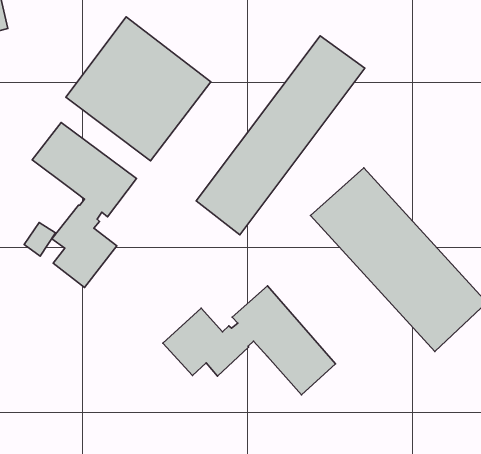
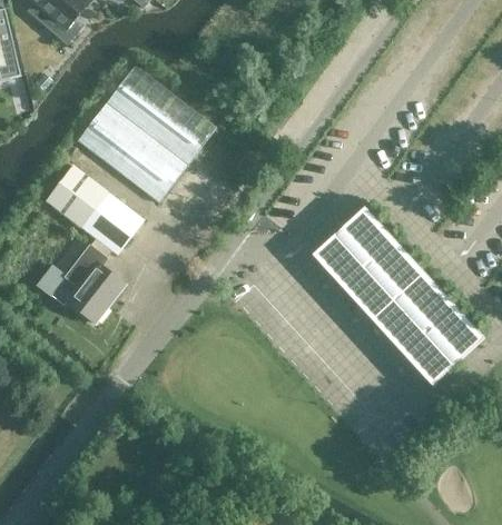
building: [196,36,365,235] -> none
building: [163,286,335,395] -> none

